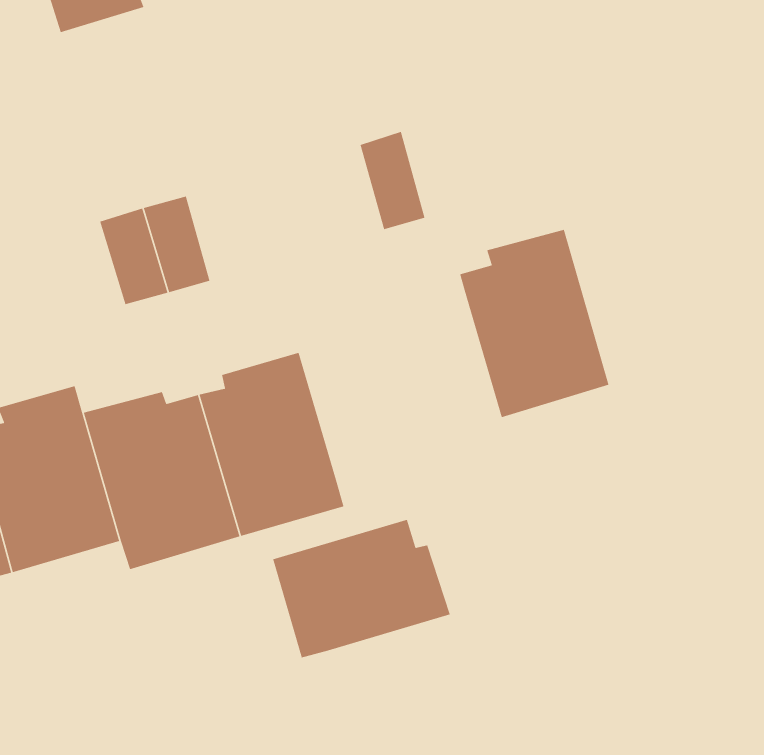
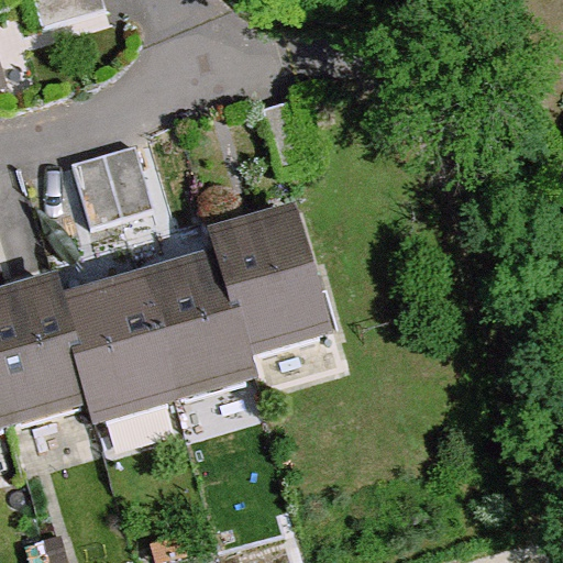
building: [459,229,610,418] -> [216,212,325,351]
building: [272,519,451,659] -> none

